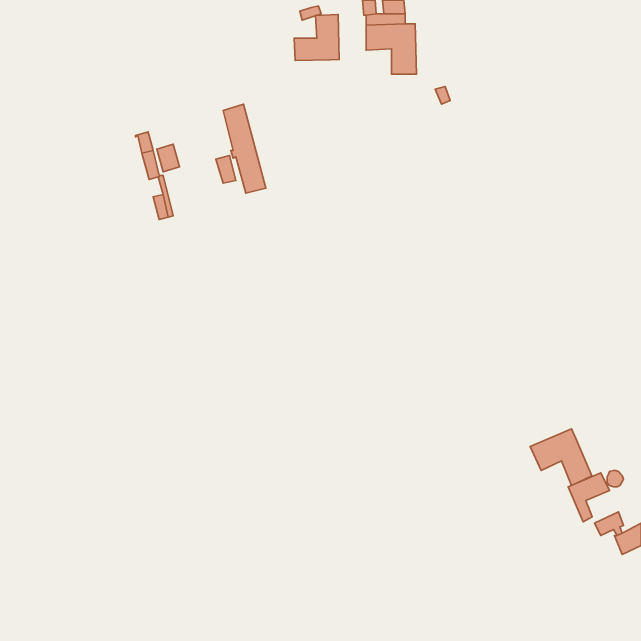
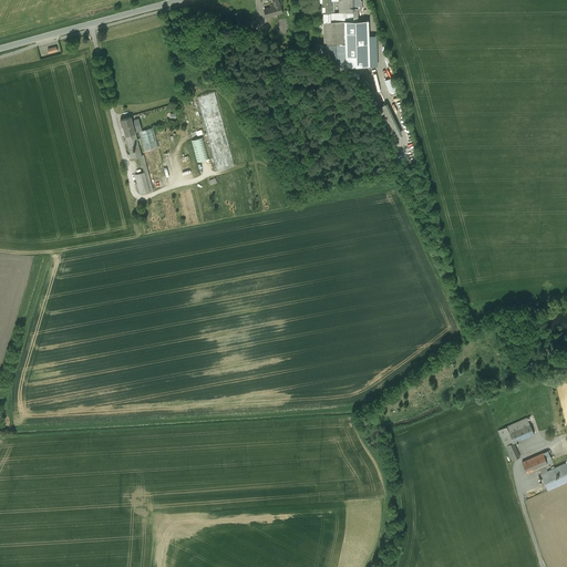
building: [294,15,339,61] -> none
building: [530,429,592,485] -> none

